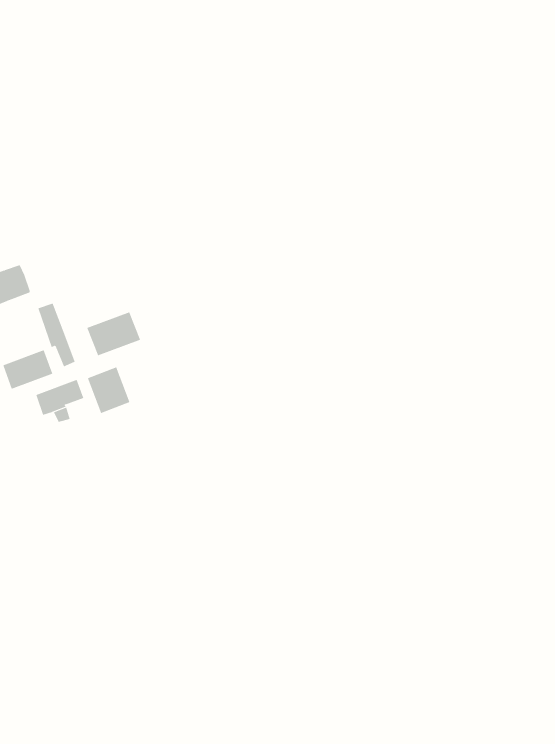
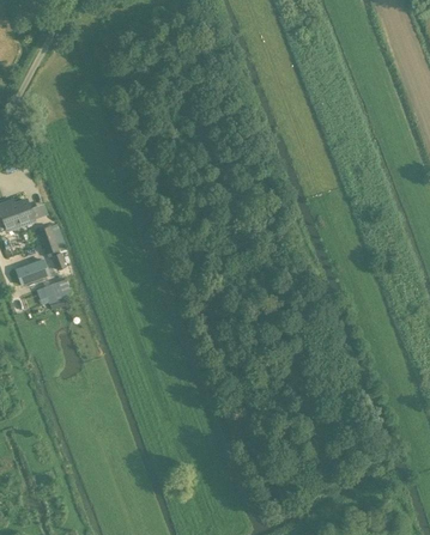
building: [87,311,141,356] -> none
building: [87,366,130,414] -> none

